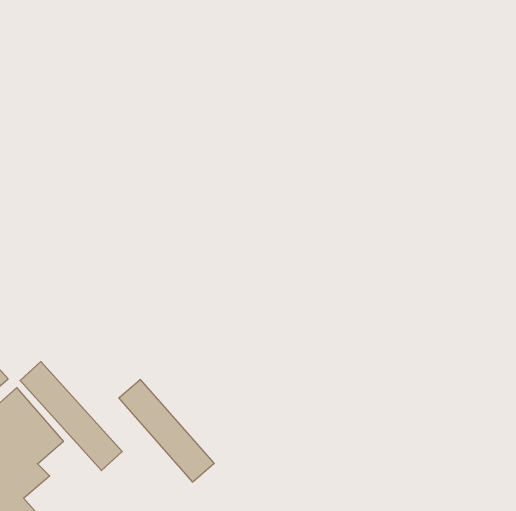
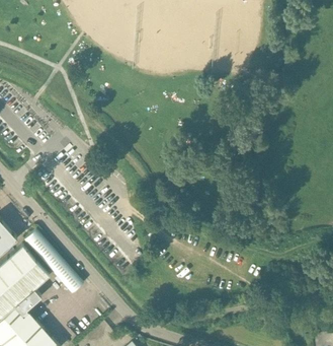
building: [119,379,214,482] -> none

